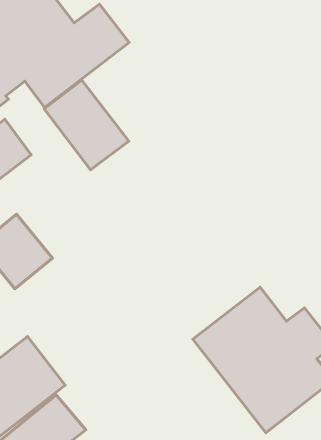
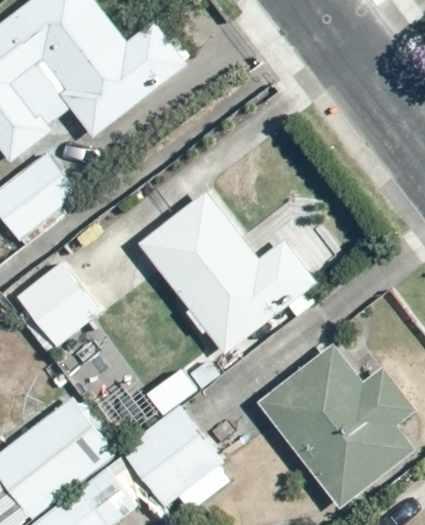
building: [44,80,129,170] -> none
building: none -> [142,191,319,353]
building: none -> [119,406,220,506]

